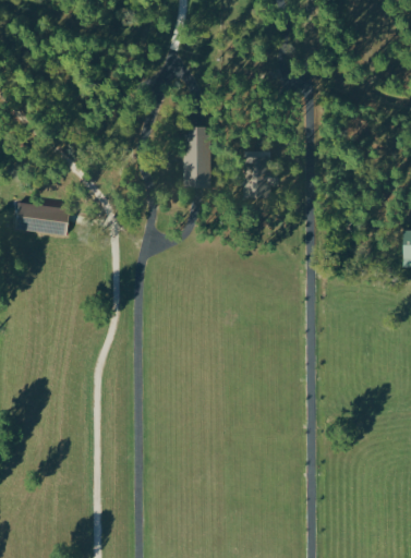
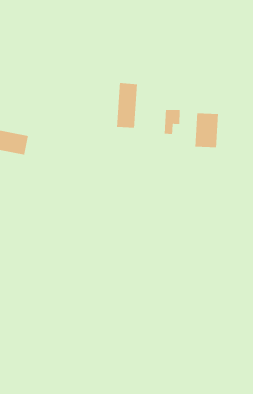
building: none -> [195,112,219,148]

